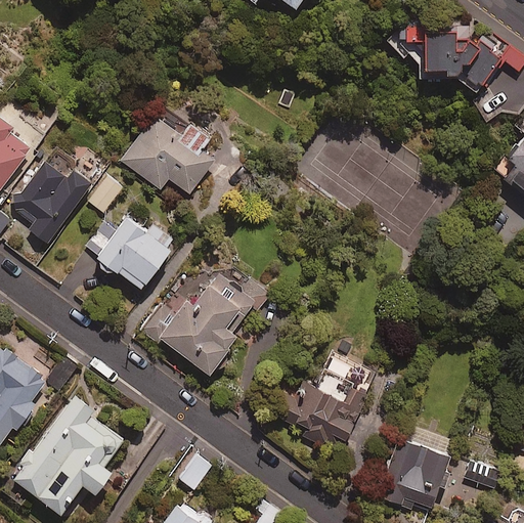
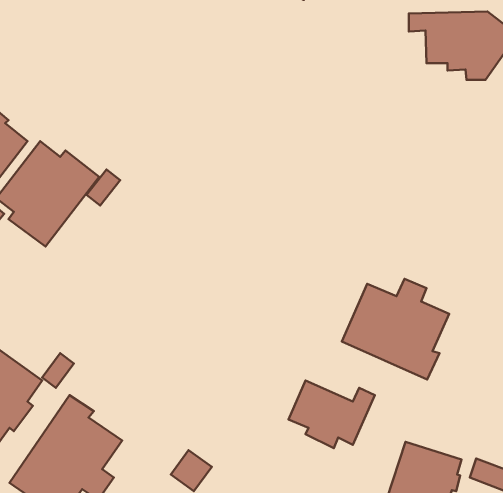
building: [119,115,213,193] -> none
building: [90,213,176,292] -> none
building: [140,275,269,376] -> none
building: none -> [342,279,449,379]

